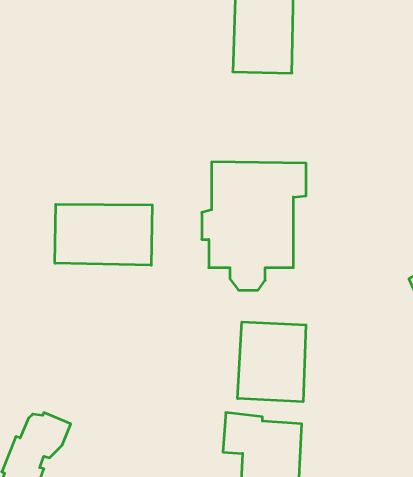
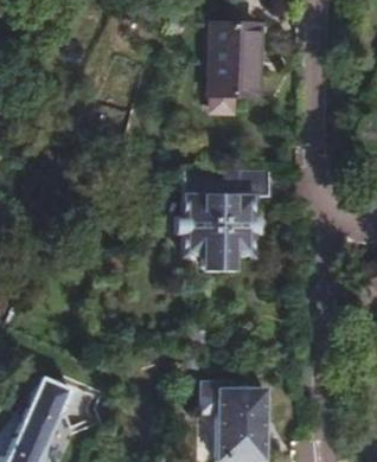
building: [55,204,152,265] -> none
building: [238,322,306,402] -> none

